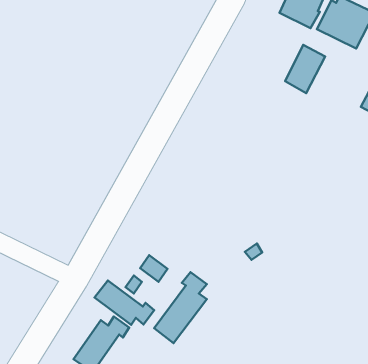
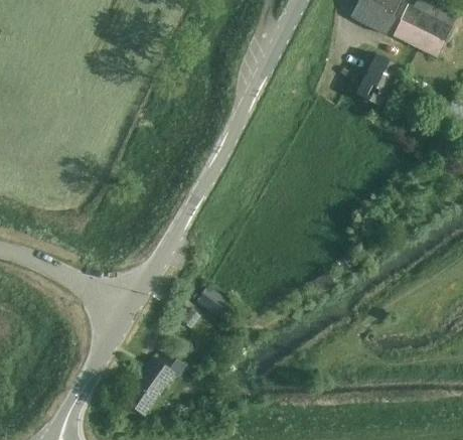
building: [154,272,207,343] -> none
building: [95,281,154,325] -> none

